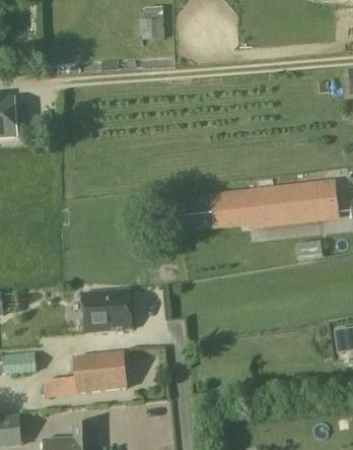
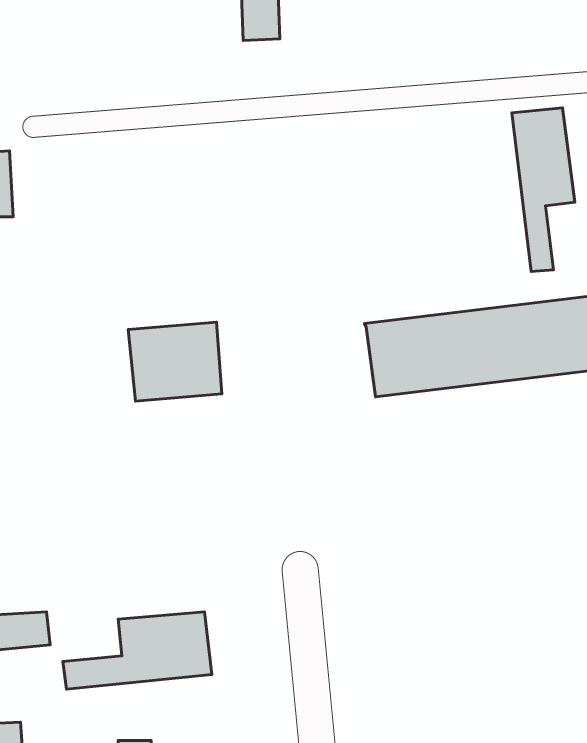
building: none -> [512,108,575,272]
building: [81,288,133,332] -> [128,322,222,401]

